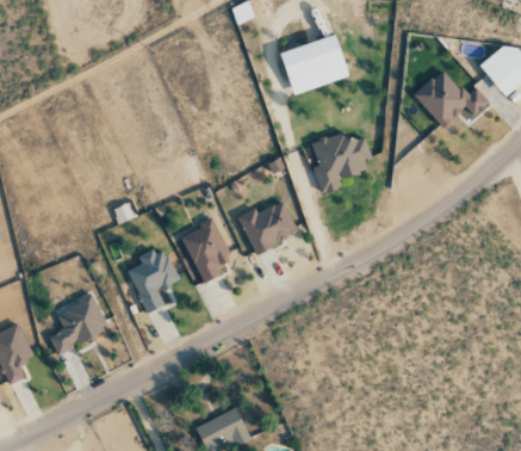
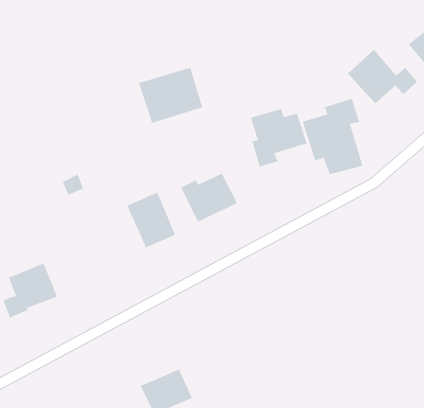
building: [280,35,349,94] -> [138,67,203,123]
building: none -> [302,98,363,175]
building: [128,246,180,313] -> none

